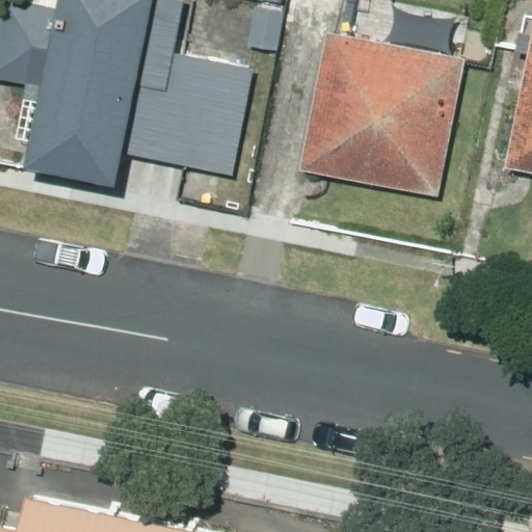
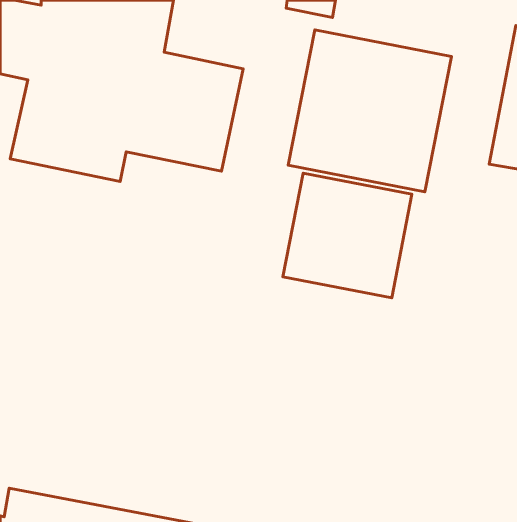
building: none -> [283,173,412,298]

